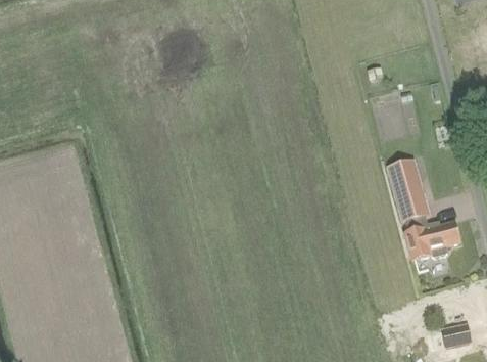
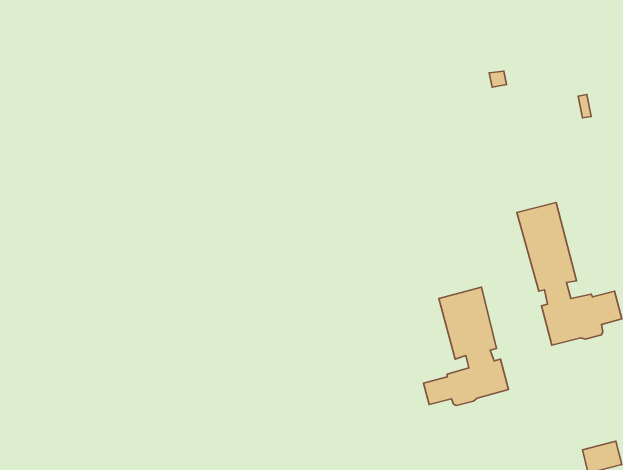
building: none -> [423,287,509,406]

